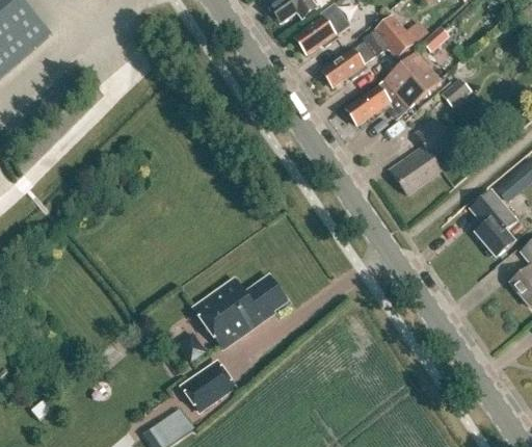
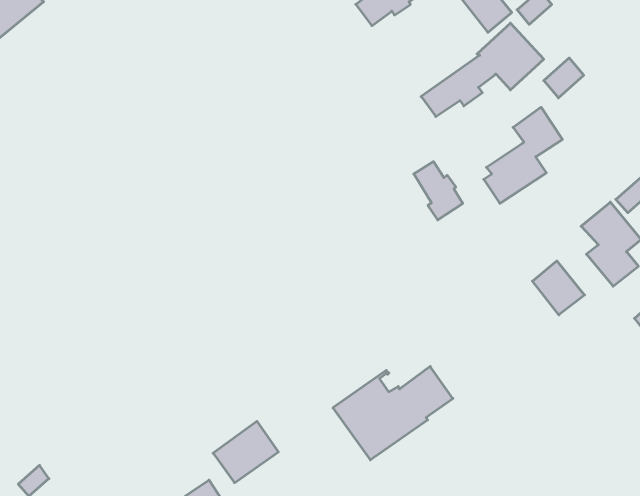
building: [322,42,376,86] -> none
building: none -> [414,162,463,220]
building: none -> [532,261,585,315]
building: [193,275,287,348] -> [333,366,453,460]

